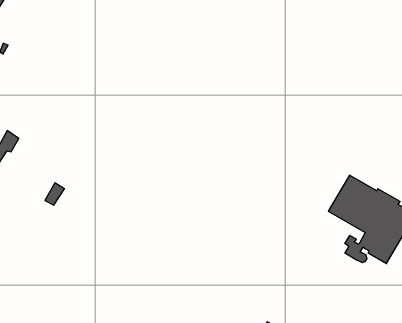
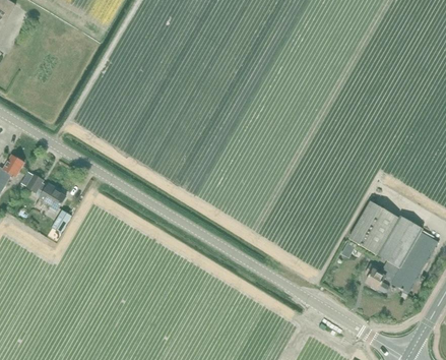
building: none -> [20,171,65,211]

